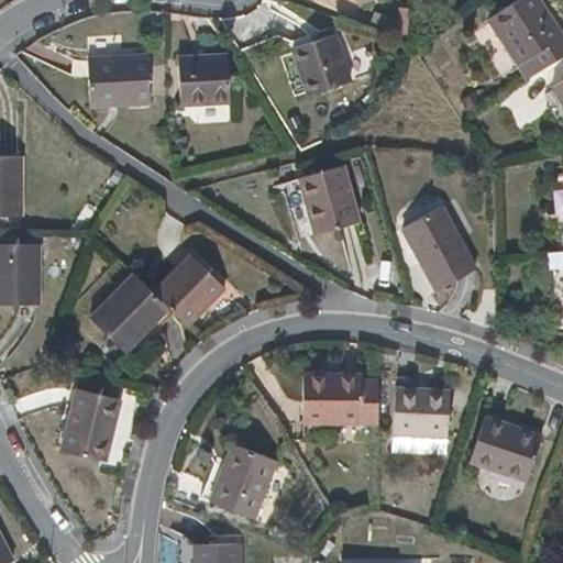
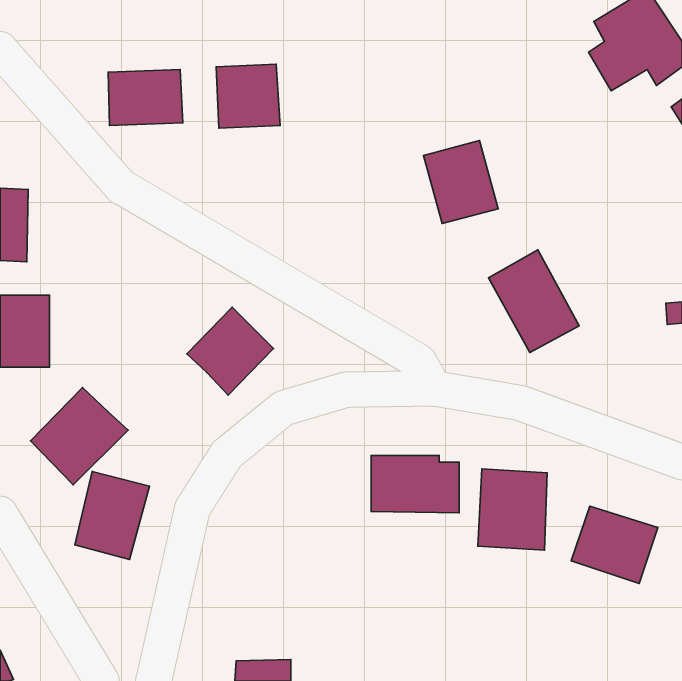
building: [292,34,353,96] -> none
building: [300,165,362,233] -> [423,141,498,223]
building: [90,272,170,352] -> [31,387,128,485]
building: [211,444,276,518] -> none

